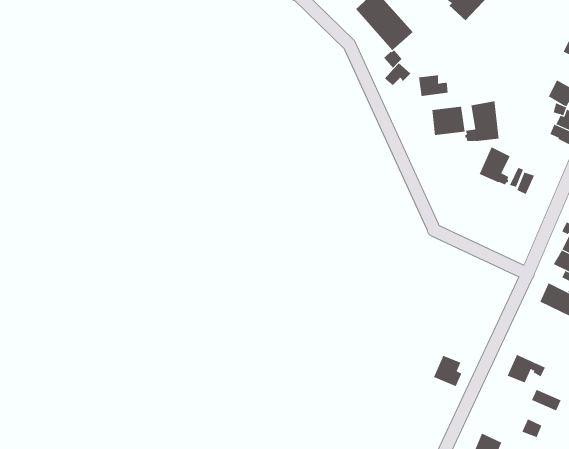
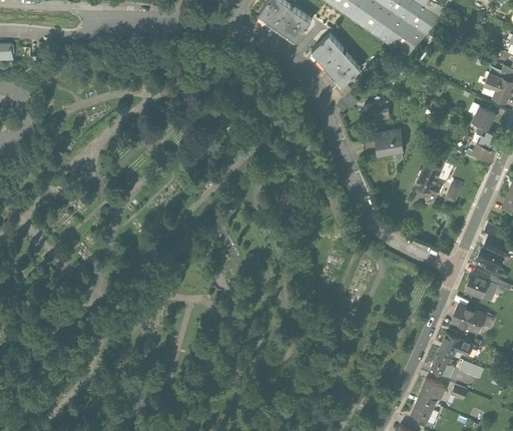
building: [464,101,499,142] -> none
building: none -> [452,307,484,334]
building: [433,355,462,387] -> [430,353,454,379]
building: none -> [417,382,445,408]

